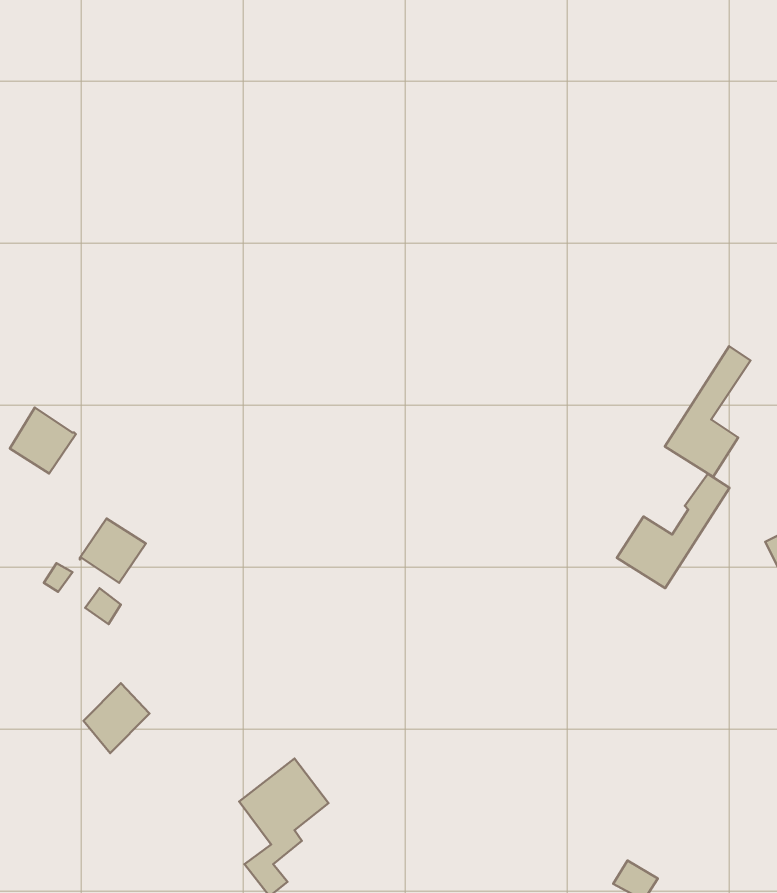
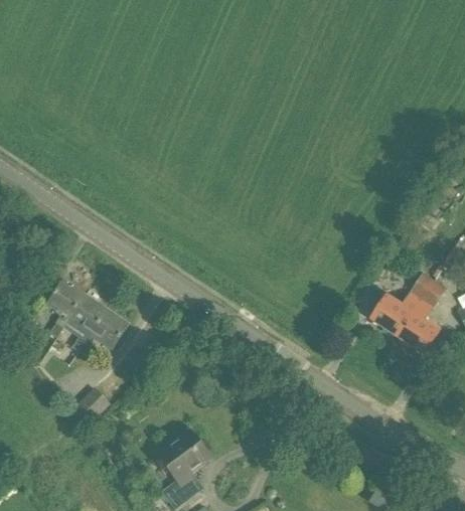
building: [665,346,751,477] -> [399,279,447,352]
building: [10,407,76,474] -> [47,281,85,318]
building: none -> [92,310,129,346]

